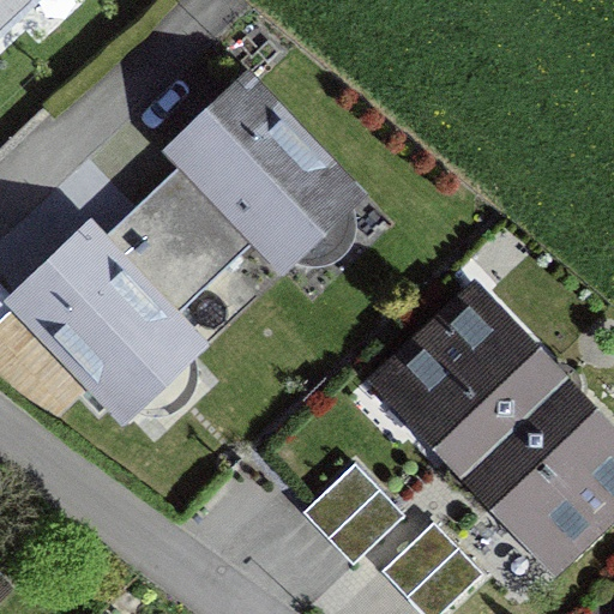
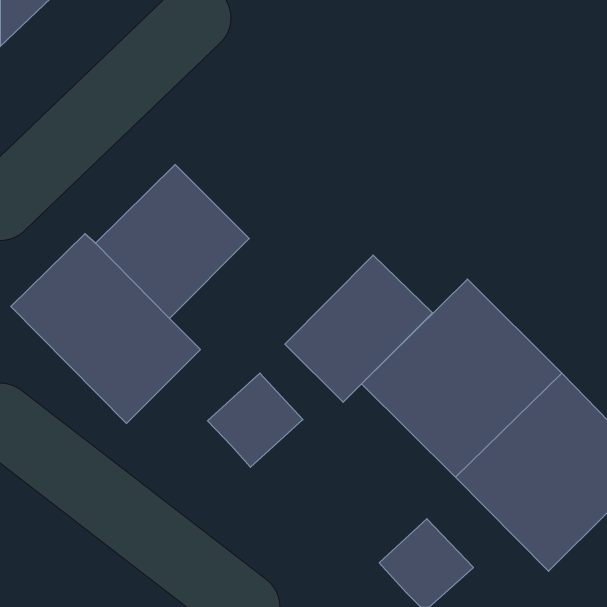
building: [173,85,365,277] -> none
building: none -> [285,255,432,402]
building: [305,460,401,555] -> [208,373,303,467]

